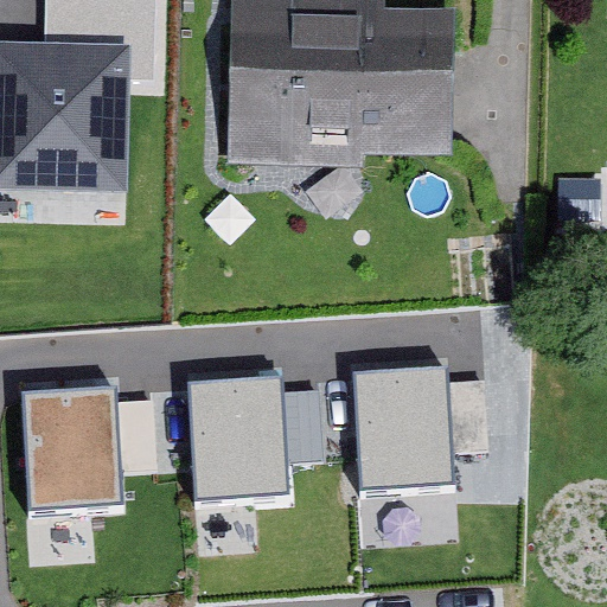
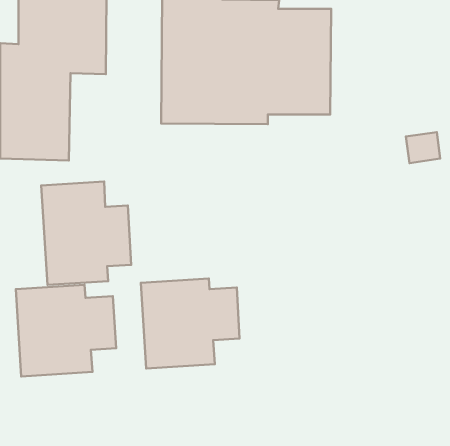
building: none -> [41,182,131,285]
building: [354,366,490,488] -> none

